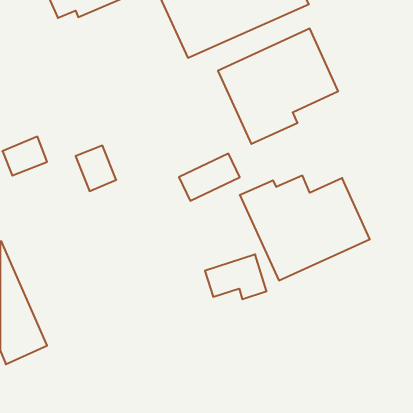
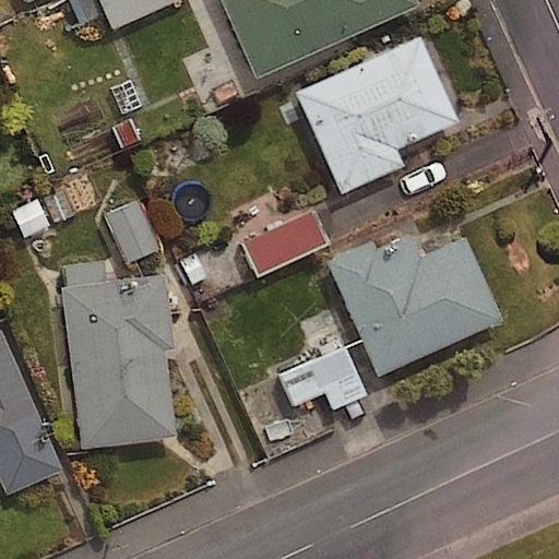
building: none -> [61,277,175,449]

